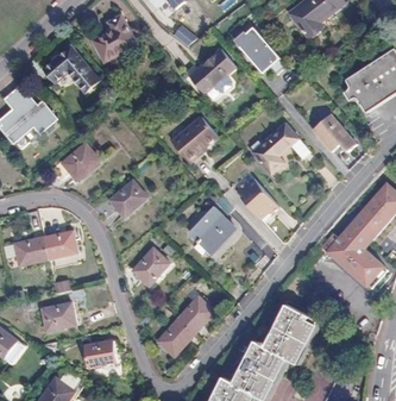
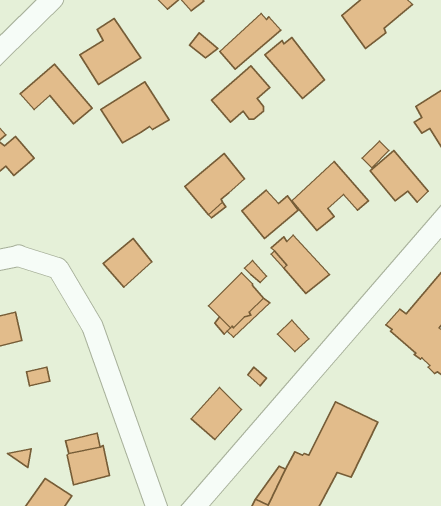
building: none -> [220,14,281,69]
building: none -> [101,82,169,143]
building: [61,143,99,180] -> none
building: none -> [242,190,298,239]
building: [43,231,77,258] -> none
building: [132,249,170,287] -> none
building: [39,301,74,330] -> none
building: [156,318,194,356] -> none

